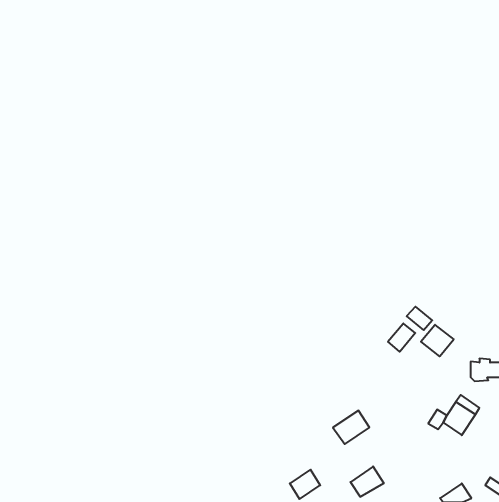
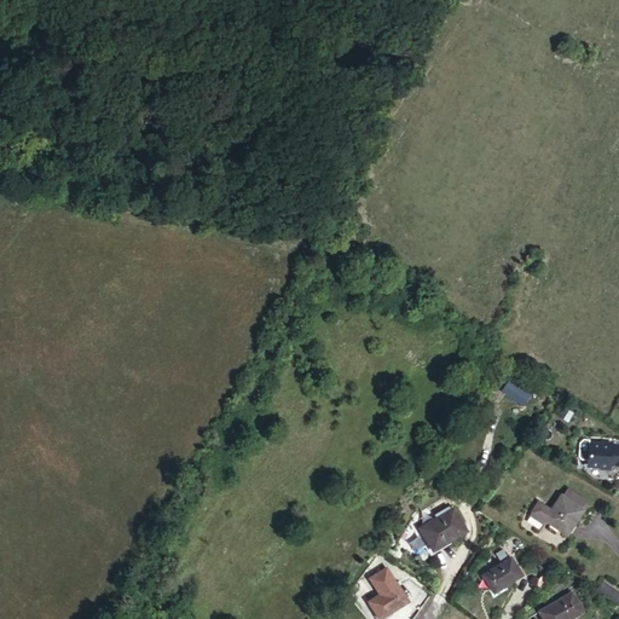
building: [388,323,415,352] -> none
building: [421,325,454,356] -> none
building: [350,466,384,497] -> [482,559,523,596]

